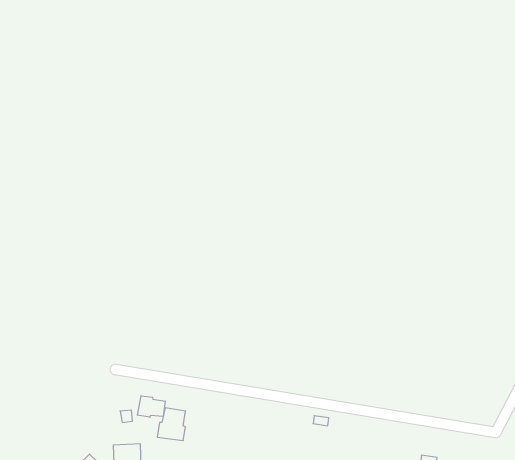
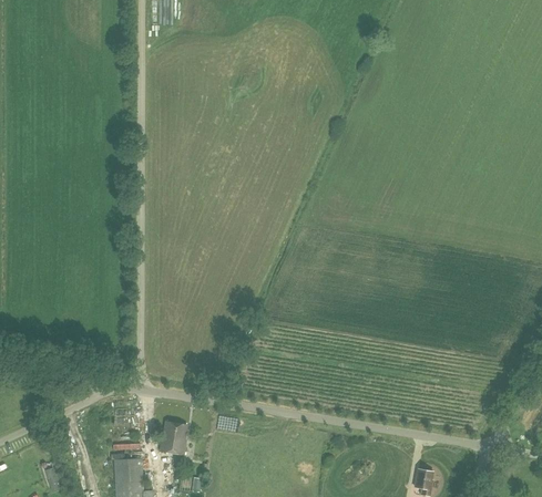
building: [138,396,165,417] -> none

